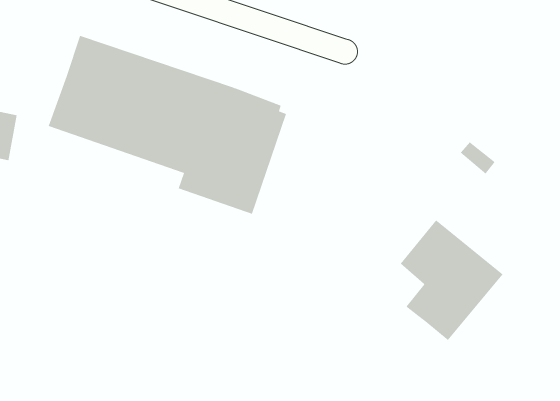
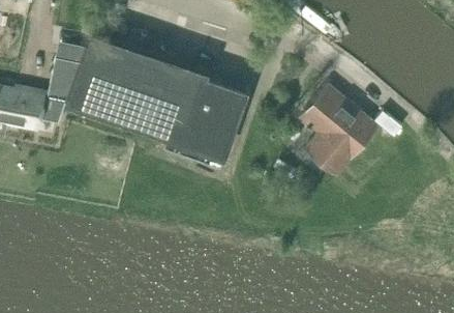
building: none -> [47,59,80,105]
building: [400,219,504,341] -> [300,85,377,176]

